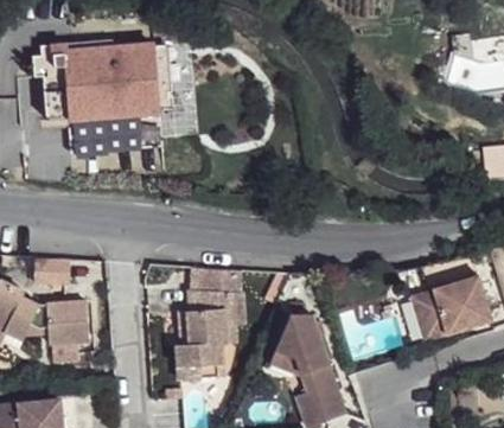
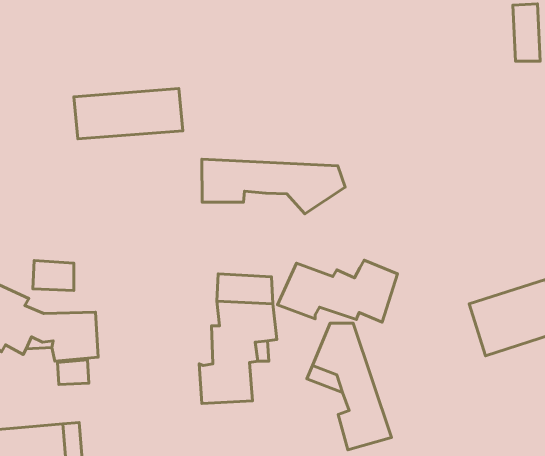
building: [30,44,159,117] -> none
building: none -> [202,159,345,214]
building: none -> [277,260,397,322]

